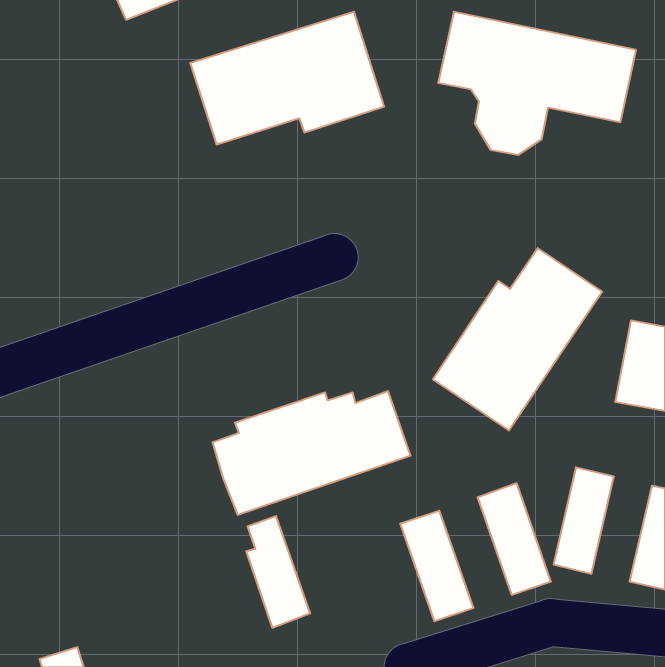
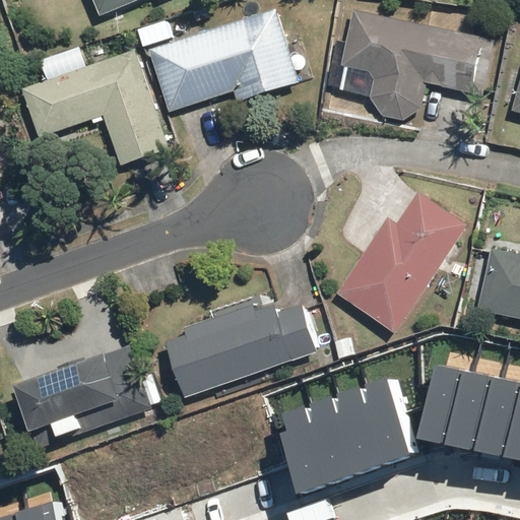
building: none -> [20,46,167,166]
building: none -> [12,345,160,439]
building: none -> [458,369,505,450]
building: none -> [340,385,396,470]
building: [246,516,310,628] -> [286,405,336,492]

